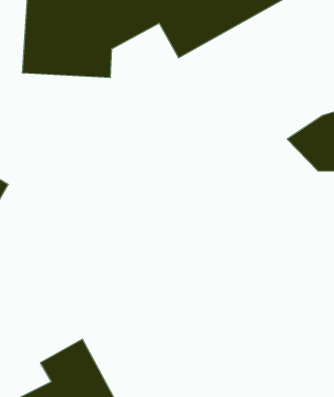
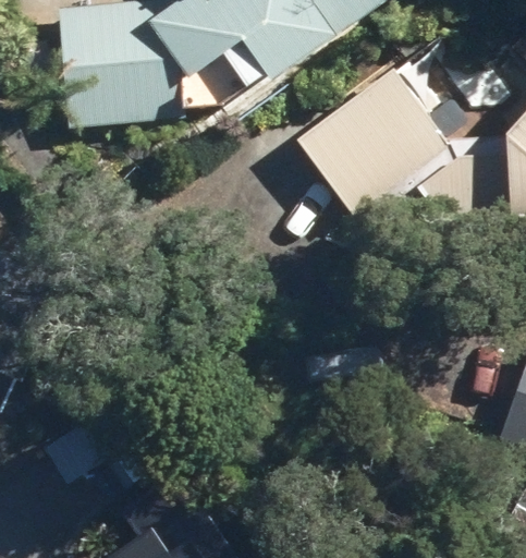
building: none -> [296,60,452,211]

